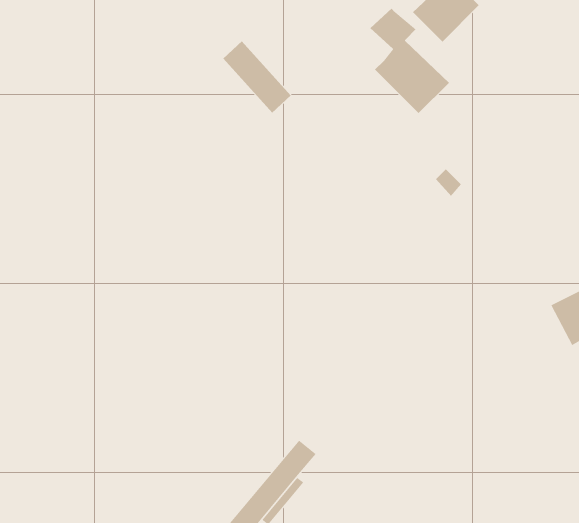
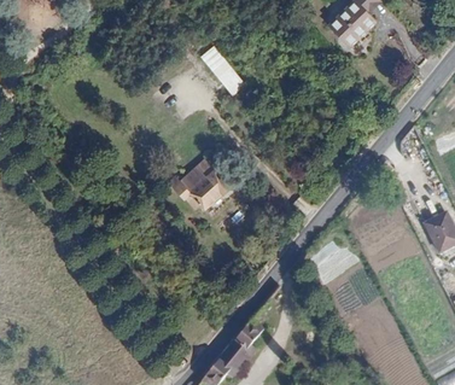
building: [369,8,450,114] -> none
building: none -> [167,165,227,205]

